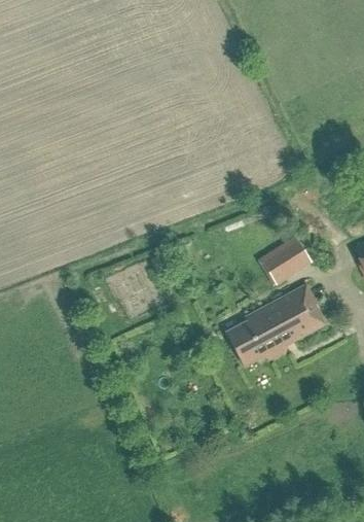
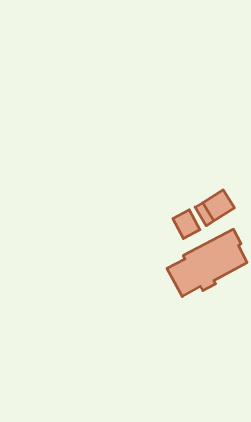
building: none -> [173,210,200,239]

